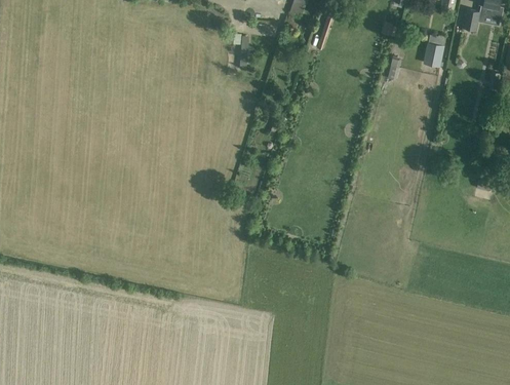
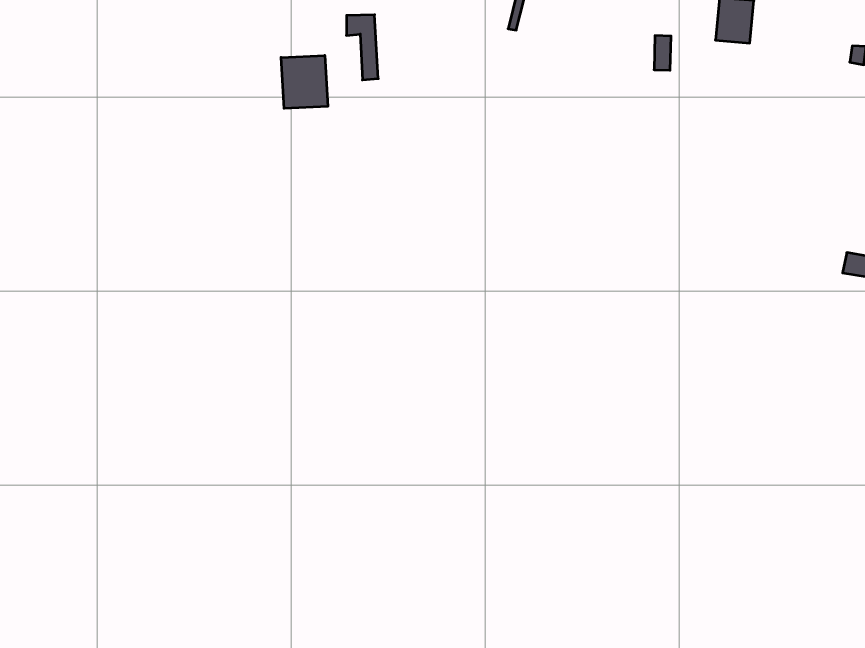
building: none -> [281,55,328,108]

